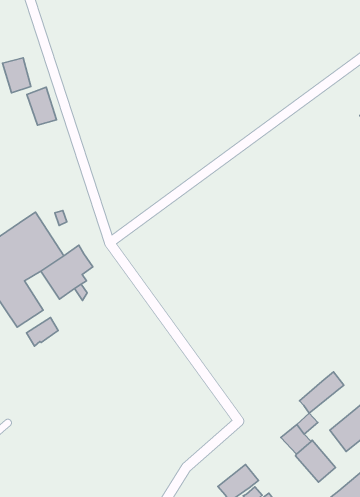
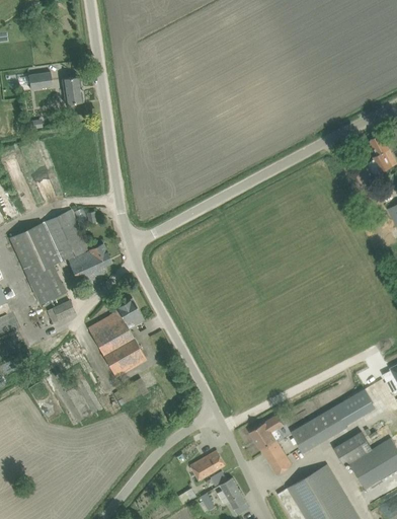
building: [27,87,56,125] -> none
building: none -> [89,298,146,377]
building: [299,372,344,413] -> none

